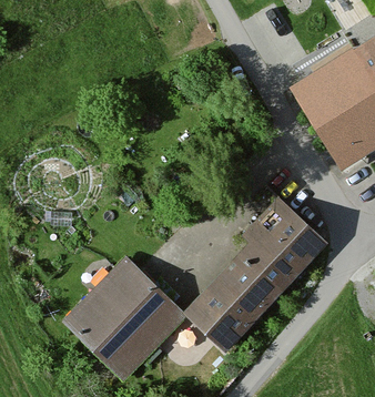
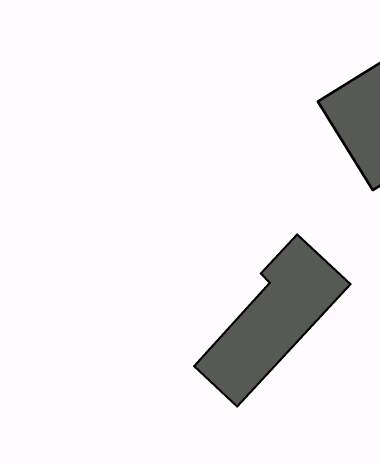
building: [68,262,182,375] -> none

